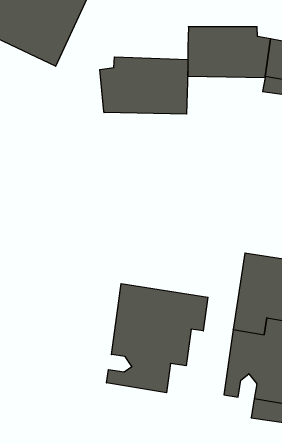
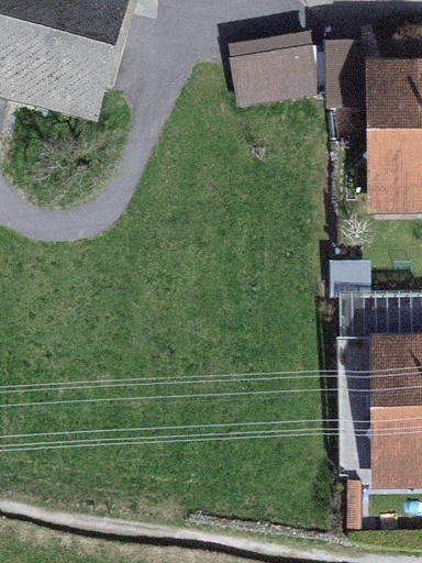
building: [100,57,188,114] -> none
building: [107,284,208,393] -> none

